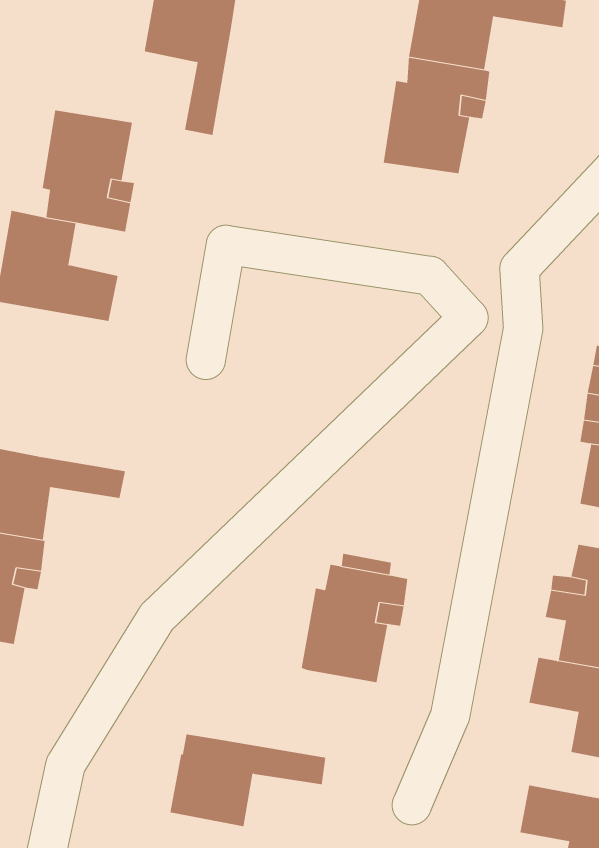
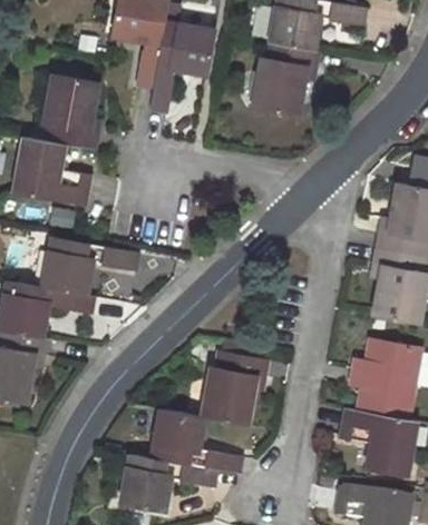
building: none -> [144,26,208,115]
building: none -> [42,237,139,294]
building: none -> [153,408,243,474]

